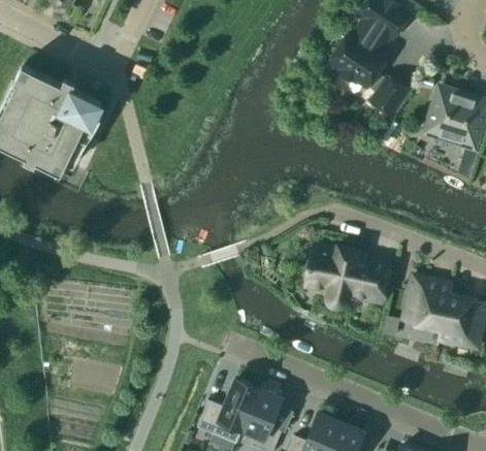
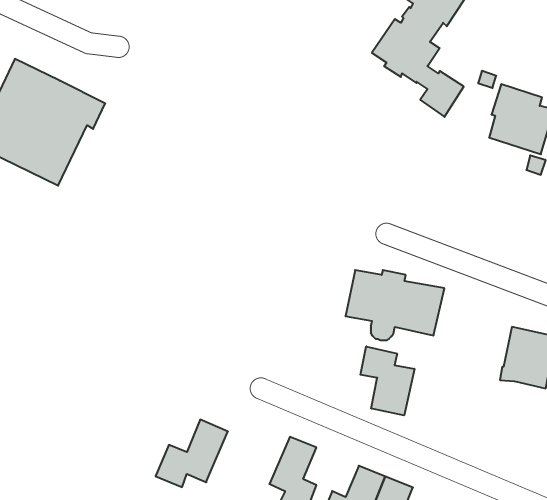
building: [403,278,452,330] -> none
building: none -> [360,346,414,415]
building: [197,380,259,438] -> [156,420,228,487]

